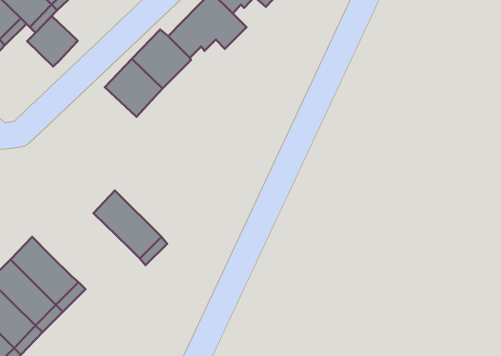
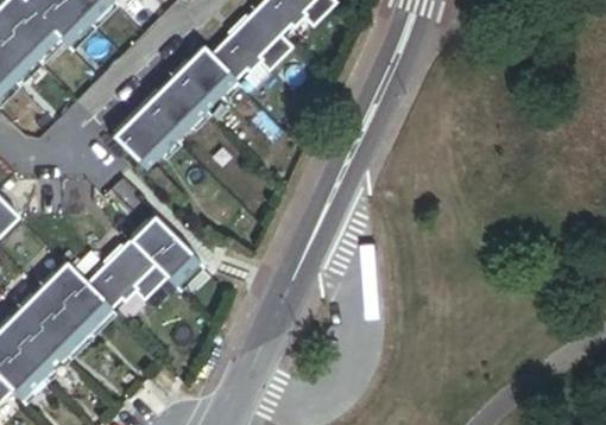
building: [27,16,77,66] -> none
building: none -> [113,108,176,170]
building: none -> [86,240,168,306]

